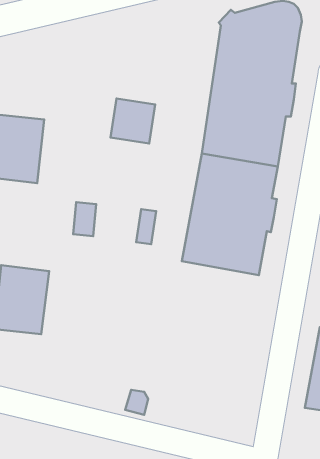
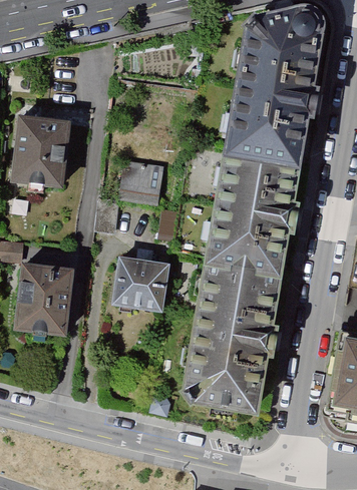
building: [110,99,155,143] -> [118,159,163,204]
building: none -> [110,256,169,312]
building: none -> [182,264,282,415]

